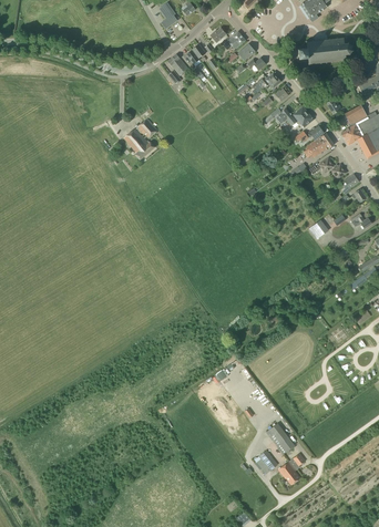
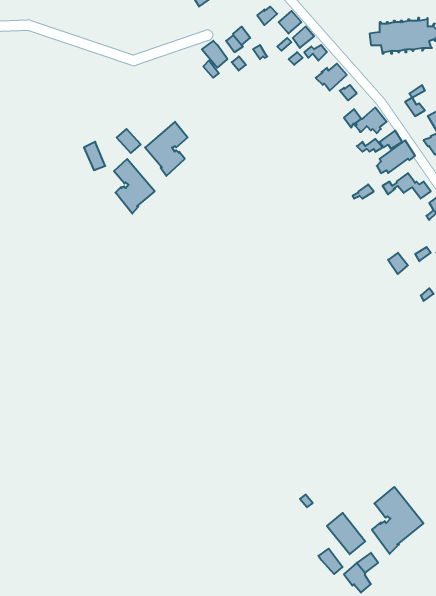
building: none -> [114,159,155,214]
building: none -> [372,487,423,554]

